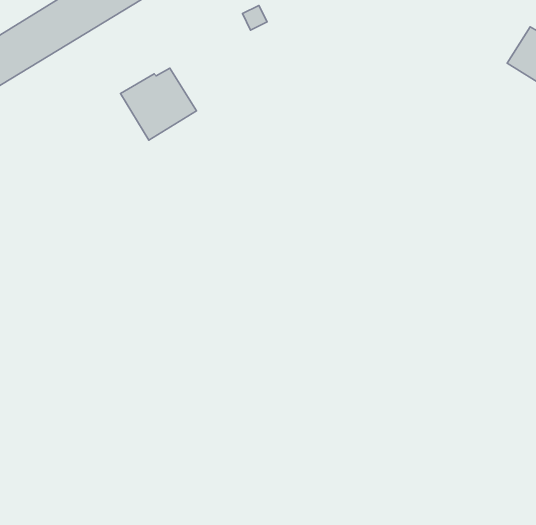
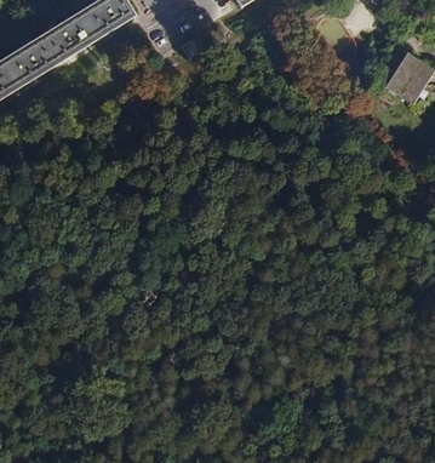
building: [120,68,197,140] -> none

